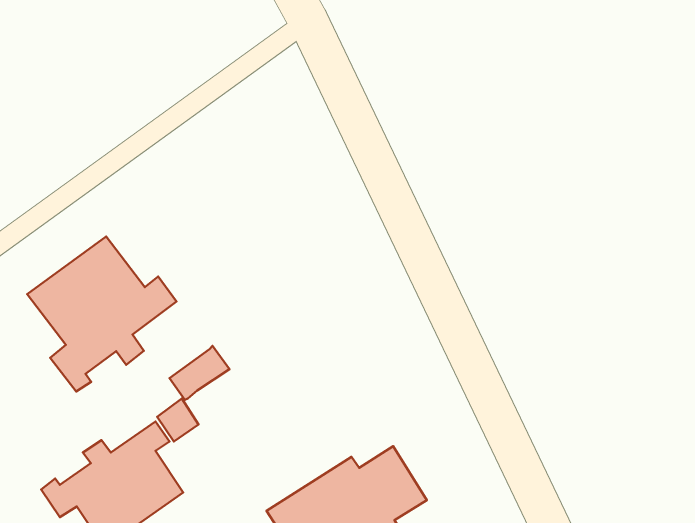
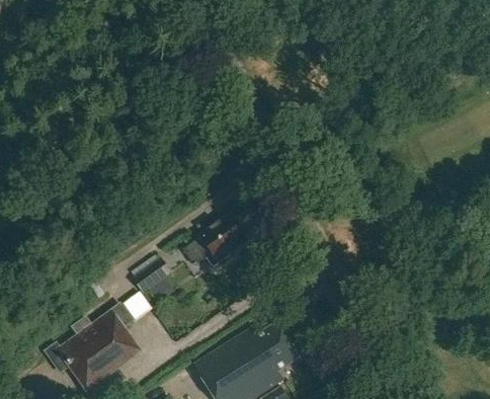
building: [27,236,177,392] -> none
building: none -> [182,215,245,267]

